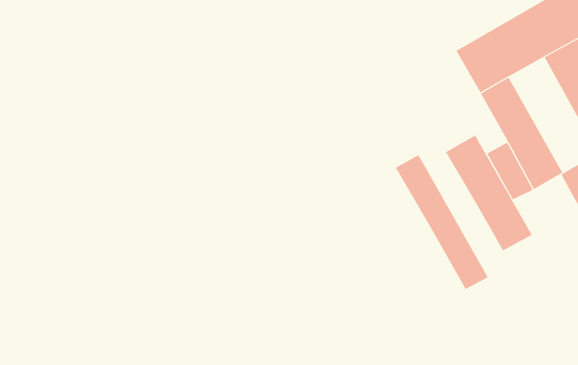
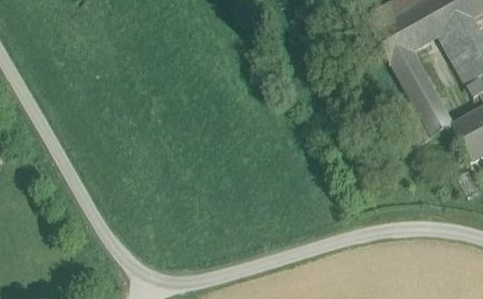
building: [445,134,532,251] -> none
building: [395,154,488,290] -> none

